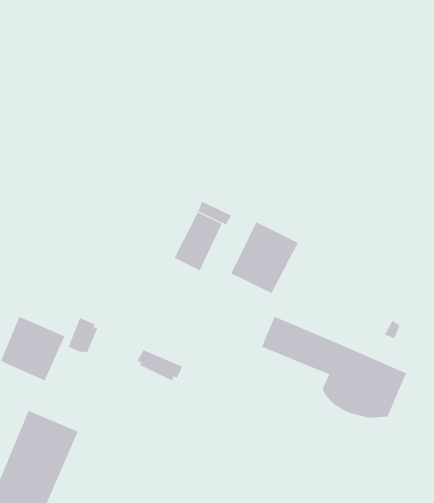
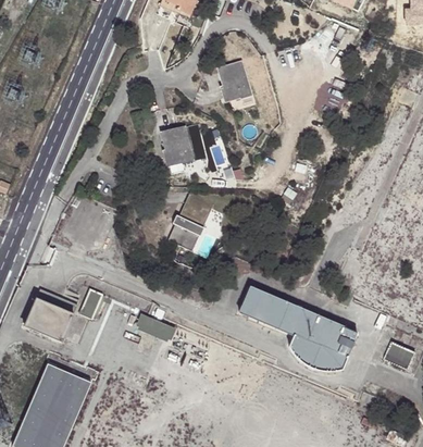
building: none -> [219,60,253,101]
building: none -> [163,125,195,165]
building: [231,221,298,294] -> none

